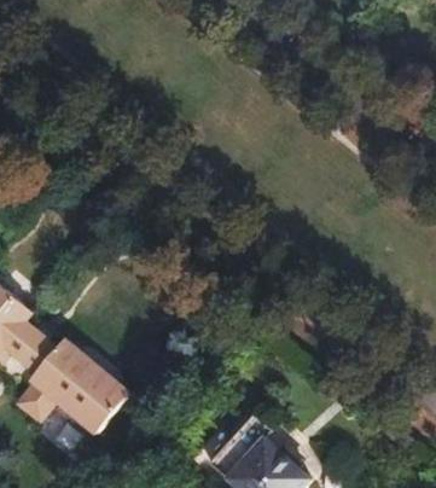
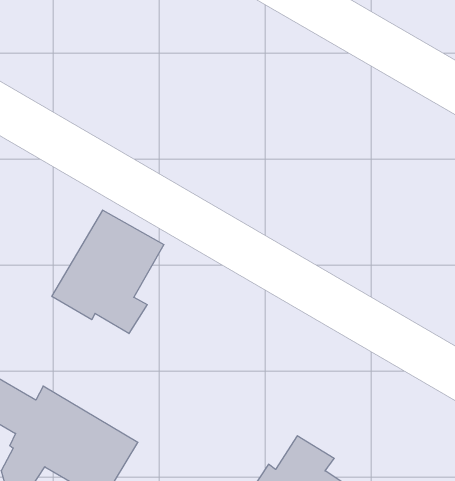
building: none -> [52,210,164,334]

